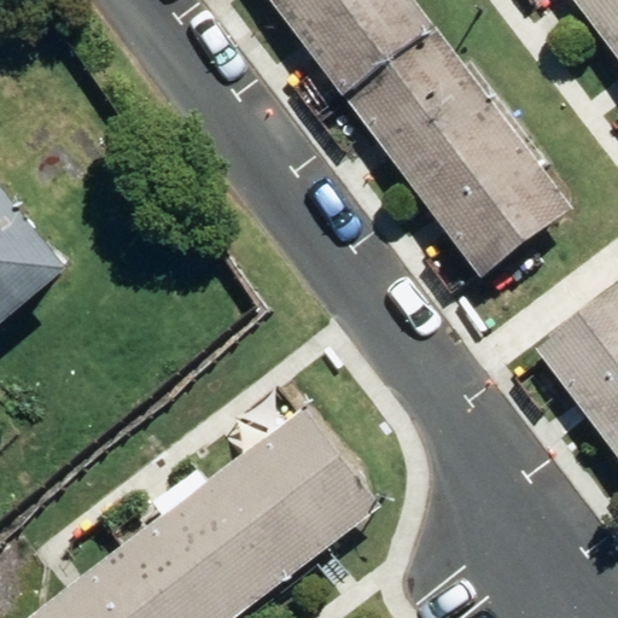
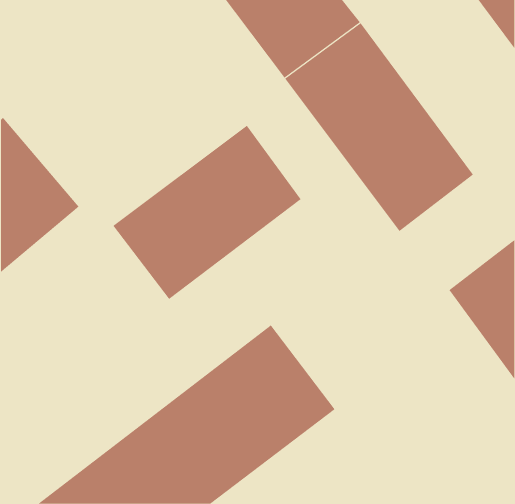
building: none -> [113,125,301,300]

